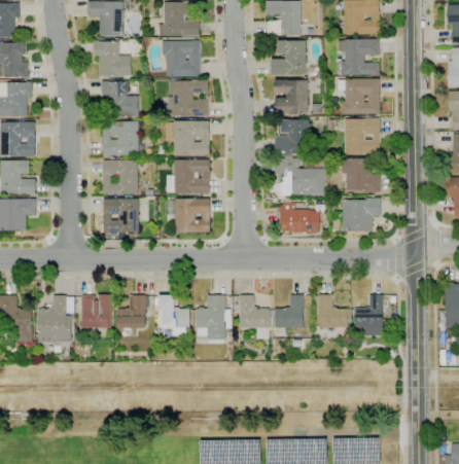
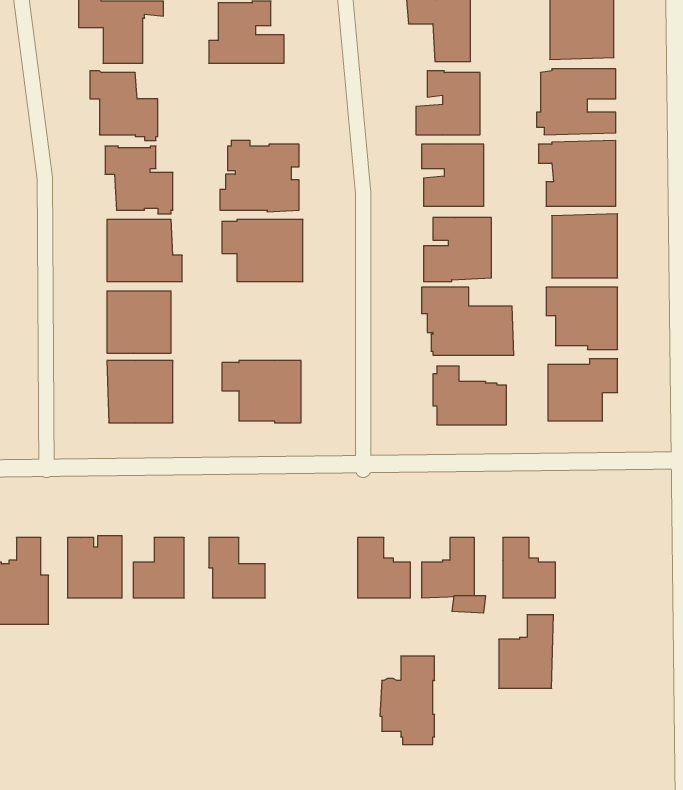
building: [163,40,201,77] -> none
building: [167,159,210,193] -> none
building: [196,295,225,344] -> [380,656,435,744]
building: [354,295,384,335] -> [499,615,553,688]

